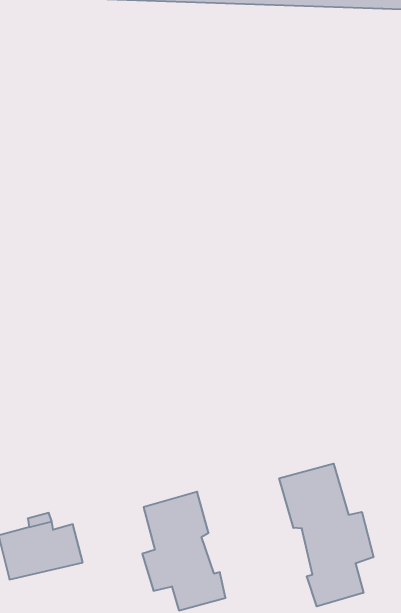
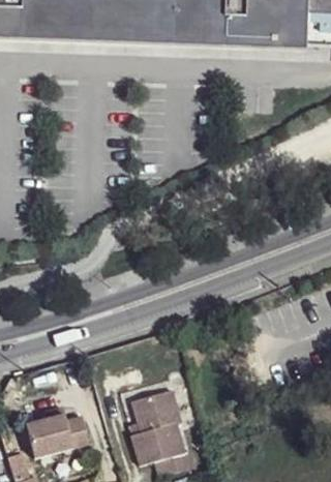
building: [279,464,373,606] -> none

